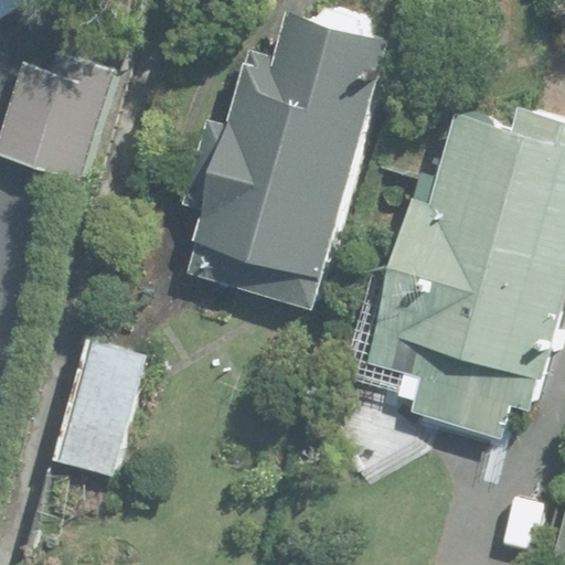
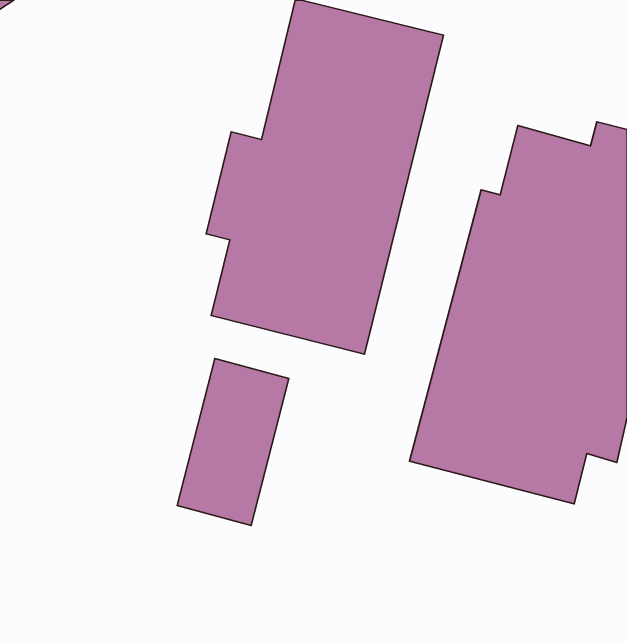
building: [12,42,121,156] -> none
building: [51,334,149,481] -> [177,359,289,526]

